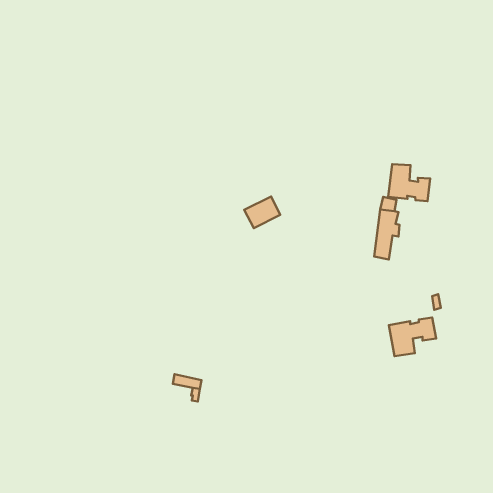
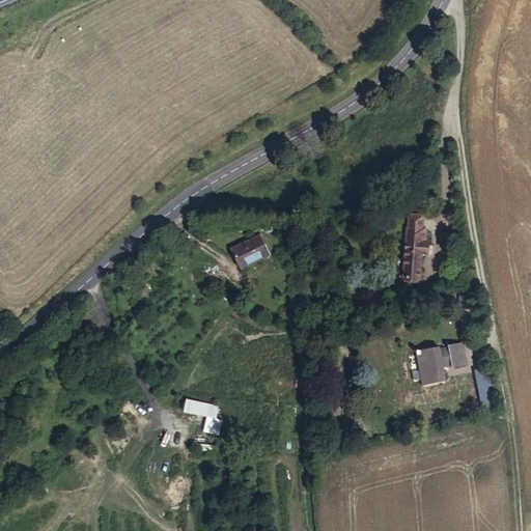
building: [388,164,430,201] -> none
building: [244,196,280,228] -> [230,233,269,268]

